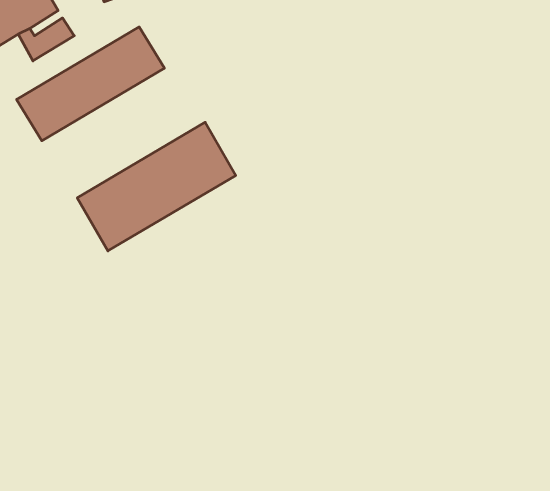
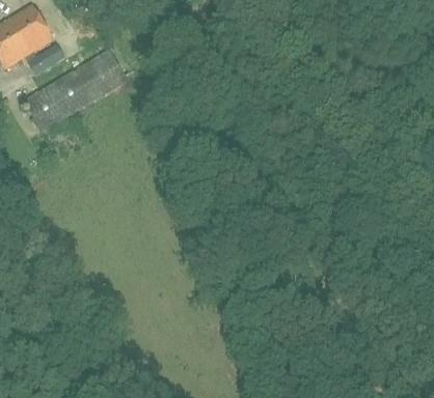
building: [77,122,236,251] -> none

